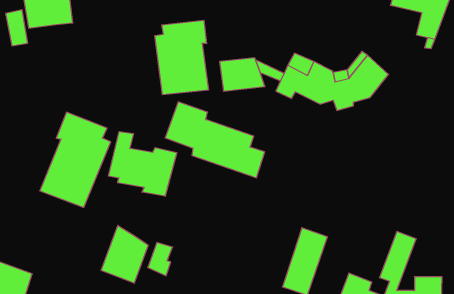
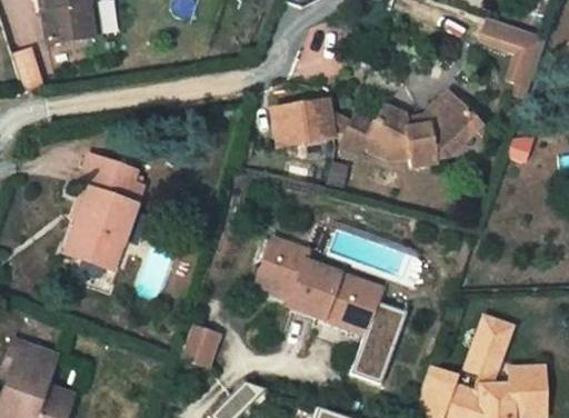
building: [155,20,208,95] -> none
building: [165,102,265,178] -> [254,242,375,334]
building: [108,132,177,196] -> none
building: [101,225,148,283] -> none

